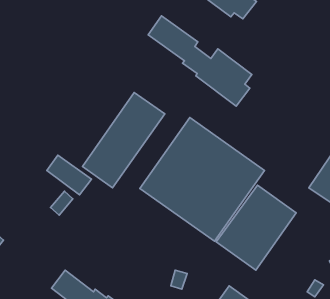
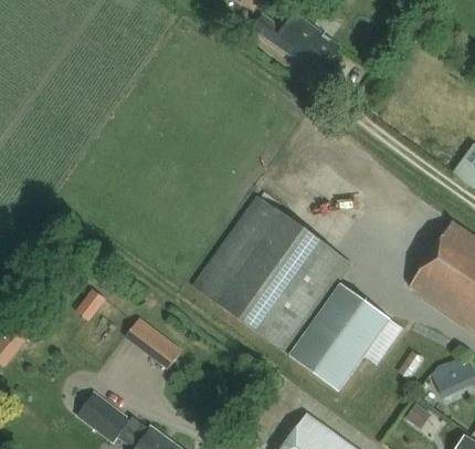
building: [148,16,252,106] -> none
building: [83,92,165,188] -> none
building: [47,155,91,195] -> [125,317,182,368]

